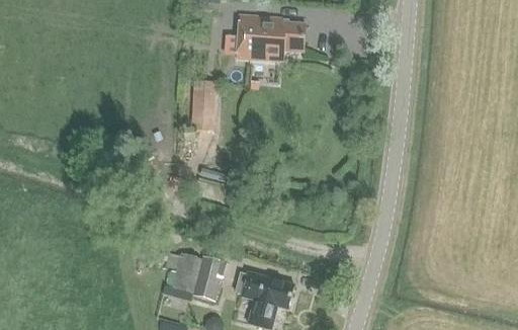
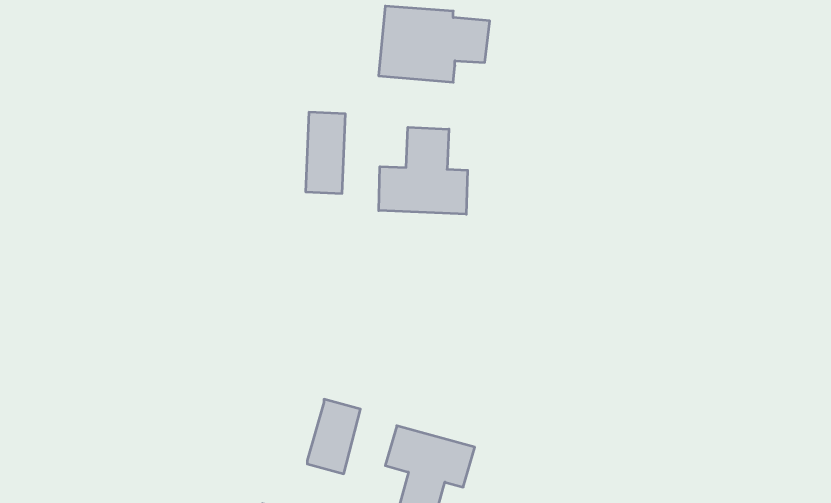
building: none -> [379,127,468,214]
building: [170,251,201,293] -> none

